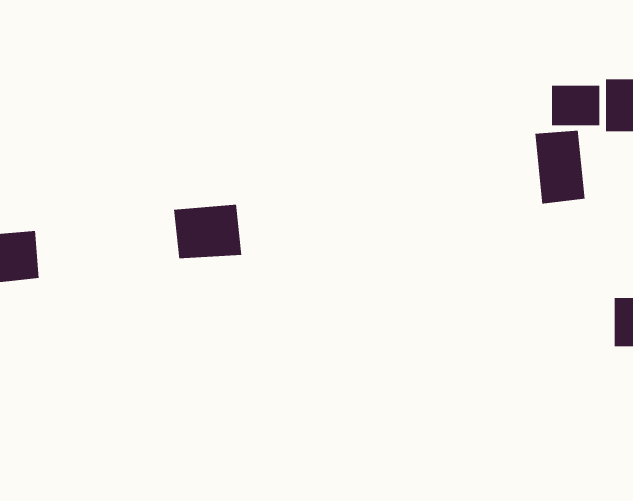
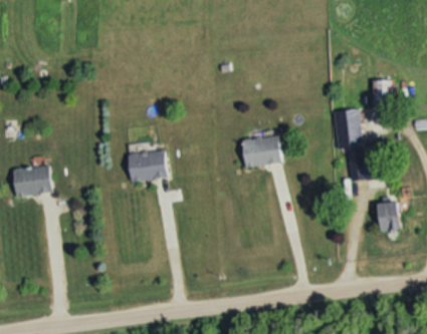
building: [552,85,600,126] -> none
building: none -> [242,134,281,166]

